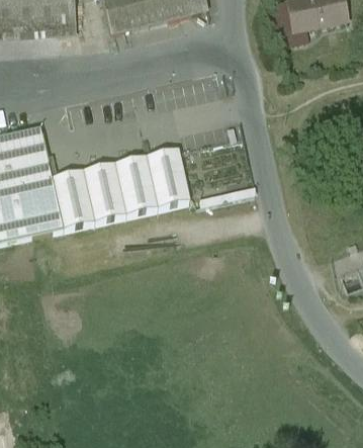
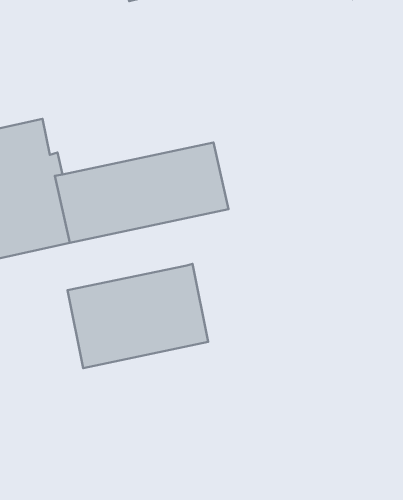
building: none -> [67,264,208,368]

